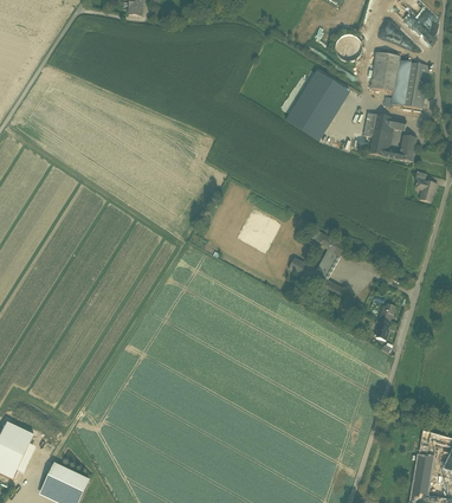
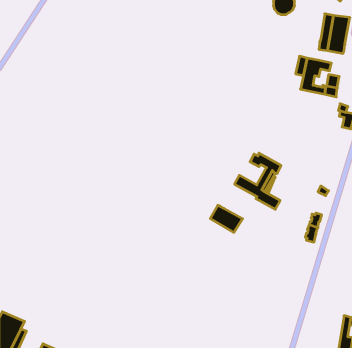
building: [369,51,399,90] -> none
building: [284,70,349,141] -> none
building: none -> [210,205,243,232]

